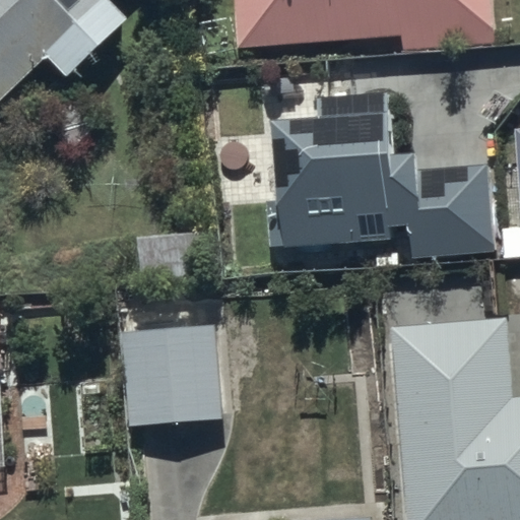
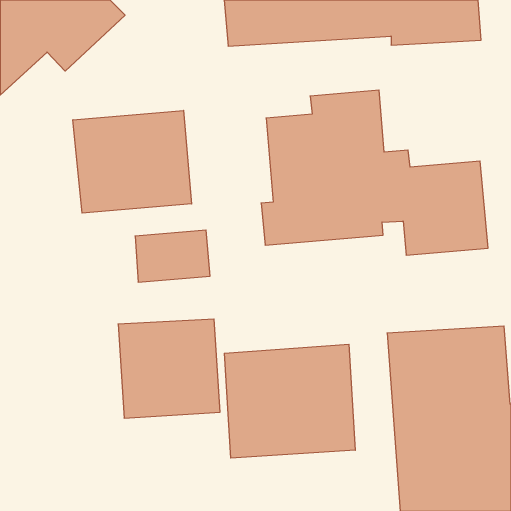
building: none -> [73,110,192,213]
building: none -> [224,344,355,458]

